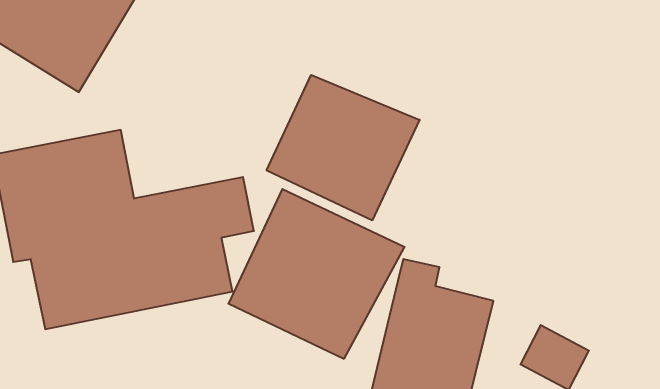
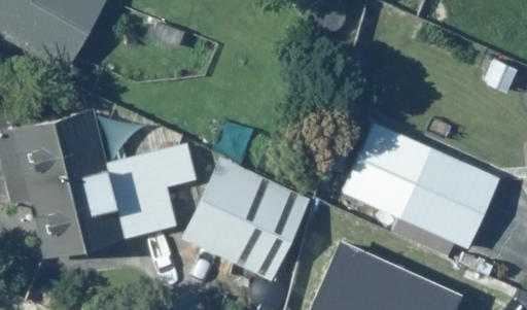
building: [267,75,420,220] -> none
building: none -> [341,117,503,252]

